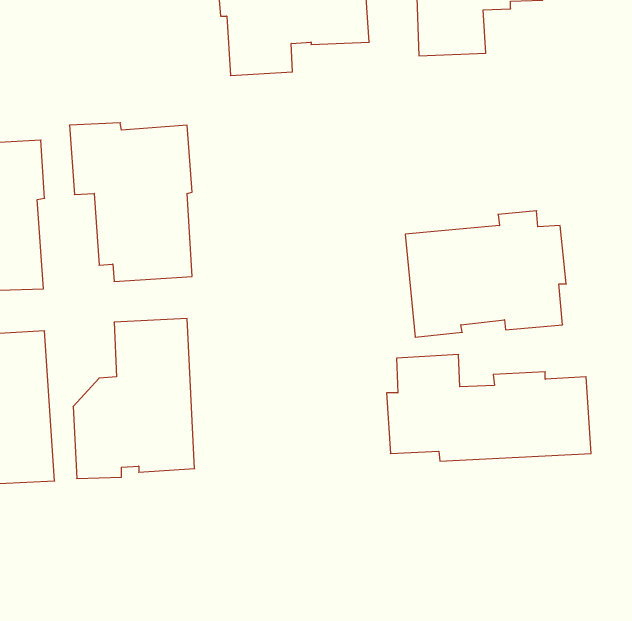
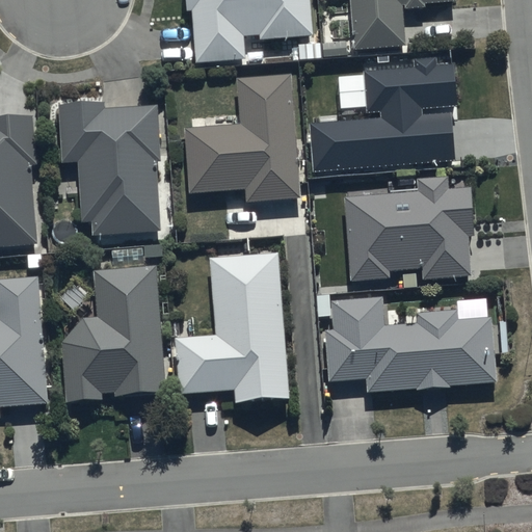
building: none -> [310,53,457,166]
building: none -> [183,73,299,202]
building: none -> [174,254,288,403]

